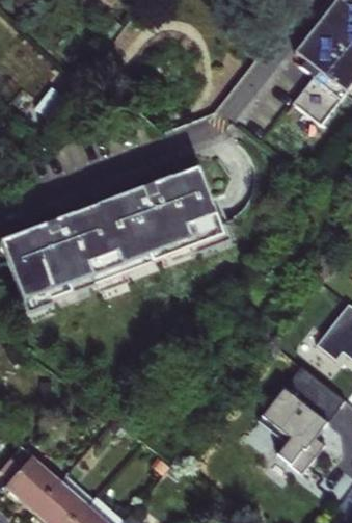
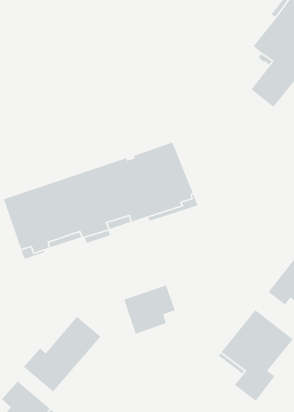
building: none -> [123,284,176,335]
building: none -> [23,316,102,392]

